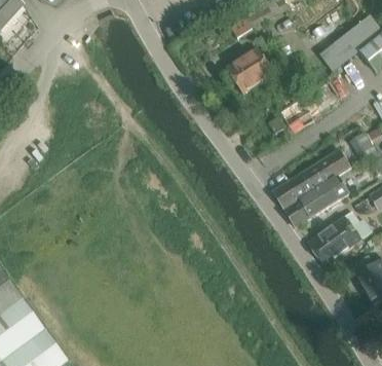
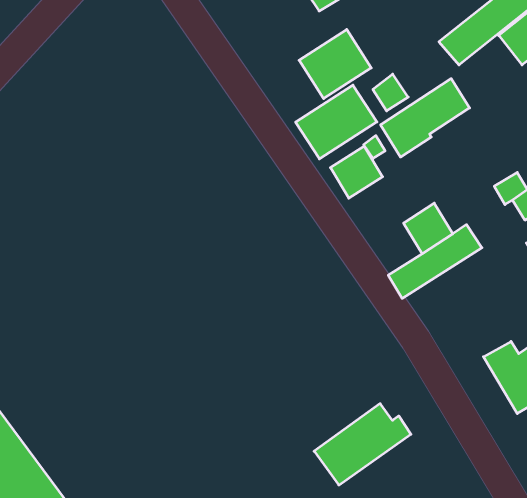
building: none -> [296,85,377,159]
building: [316,146,357,183] -> none
building: [273,176,308,211] -> [330,146,383,198]
building: [307,210,372,264] -> [314,404,411,485]

